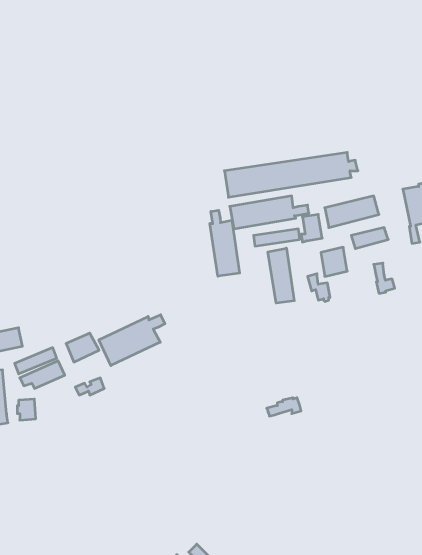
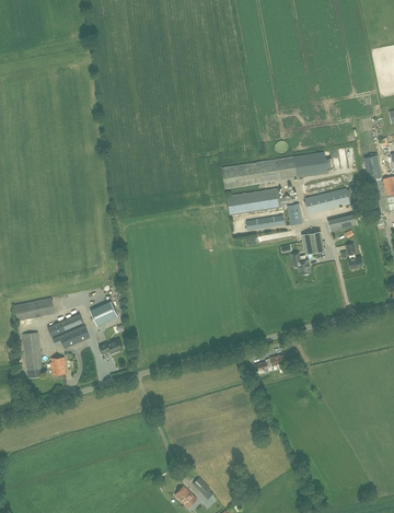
building: [210,210,240,276] -> none
building: [268,248,294,303] -> none
building: [99,315,165,366] -> none

